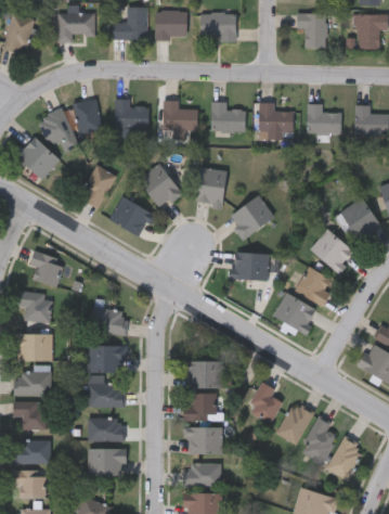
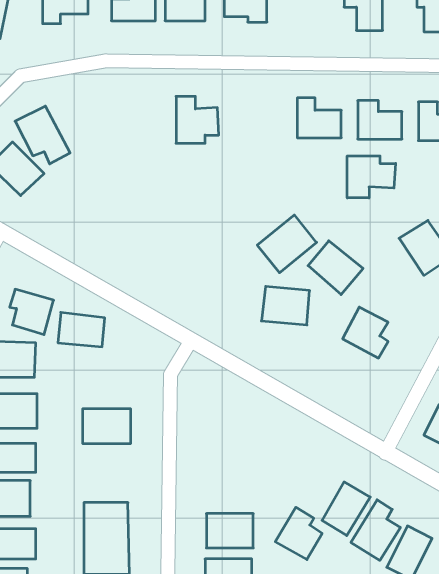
building: [74,99,100,133] -> none
building: [114,99,147,129] -> none
building: [210,101,243,130] -> none
building: none -> [347,156,396,198]
building: [137,163,181,208] -> none
building: [77,164,116,208] -> none
building: [194,166,225,206] -> none
building: [108,196,155,235] -> none
building: [310,229,353,271] -> [308,241,363,295]
building: [273,293,314,332] -> none
building: [92,307,129,334] -> [58,312,105,347]
building: [186,361,223,389] -> none
building: [90,376,125,408] -> none
building: [247,383,284,424] -> [275,507,322,560]
building: [184,394,217,422] -> none

